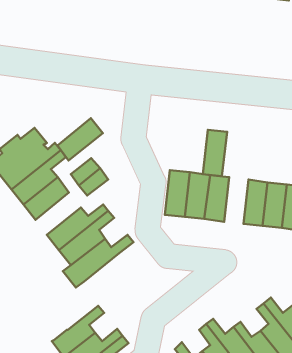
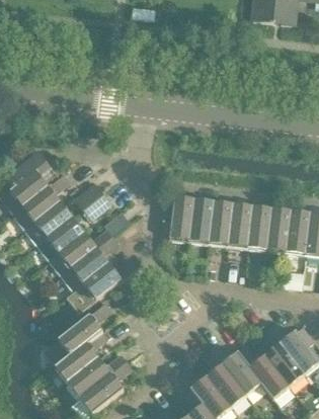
building: [57,118,103,161] -> [41,217,86,259]
building: [203,130,227,176] -> [230,201,254,248]
building: none -> [48,302,112,364]

